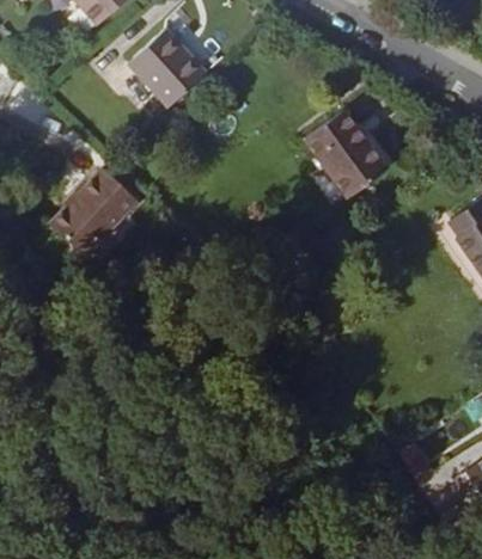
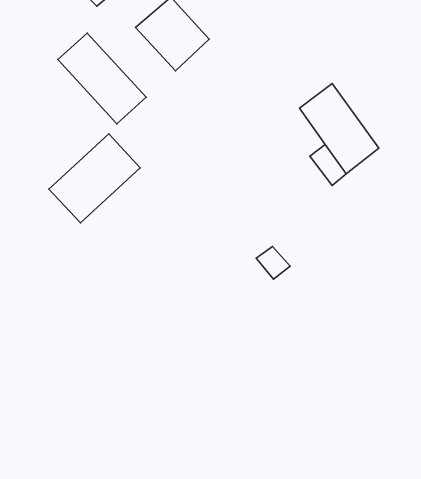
building: none -> [58,33,146,124]

